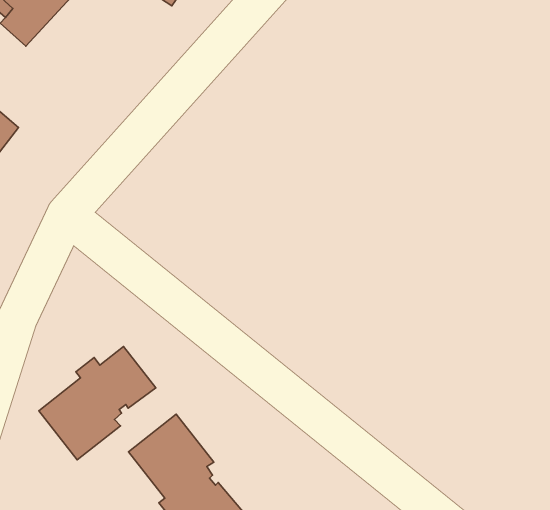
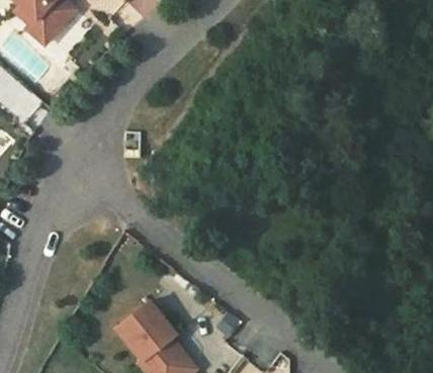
building: [39,346,156,460] -> none

